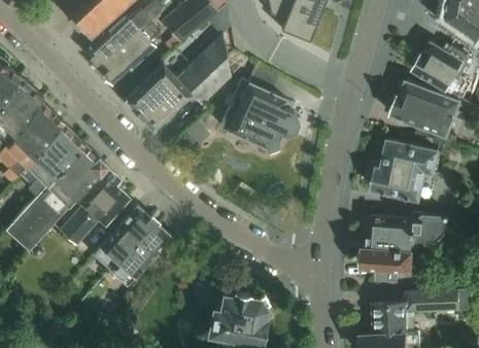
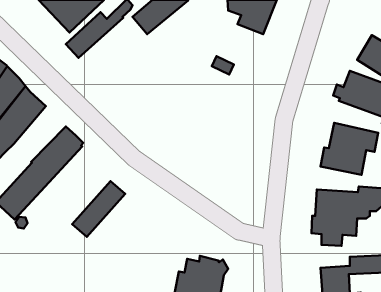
building: [98,23,160,85] -> none
building: [125,35,230,131] -> none
building: [221,83,297,152] -> none
building: [19,123,87,197] -> none
building: [54,168,129,245] -> none
building: [110,221,170,285] -> none

